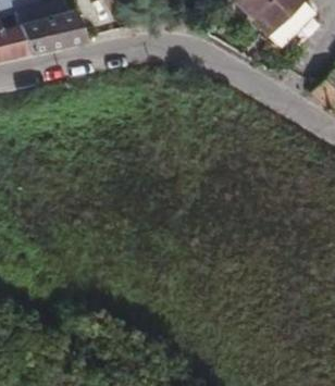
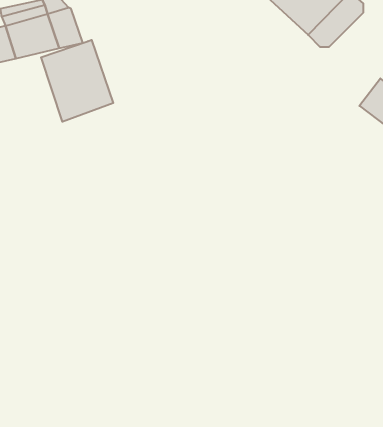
building: none -> [41,40,113,122]

